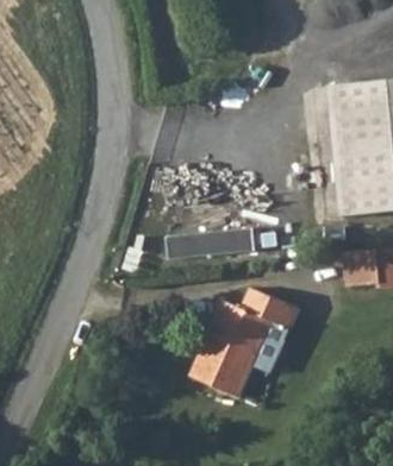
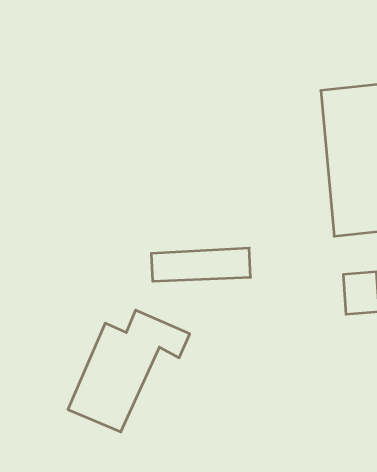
building: [191,289,300,398] -> [68,310,190,432]

